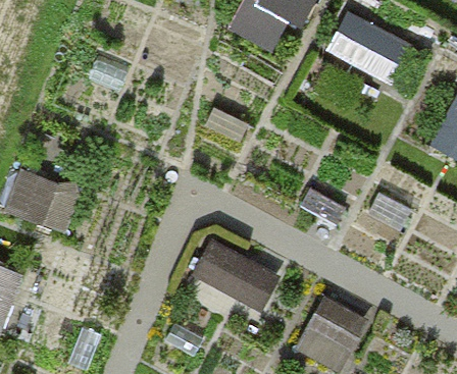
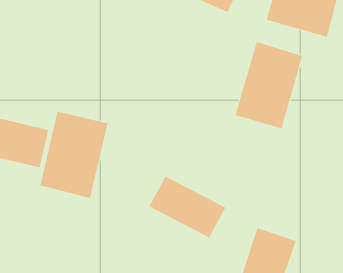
building: none -> [235,41,303,129]
building: none -> [40,111,108,199]

